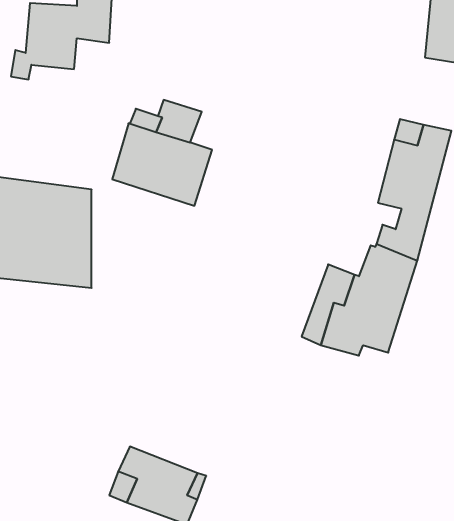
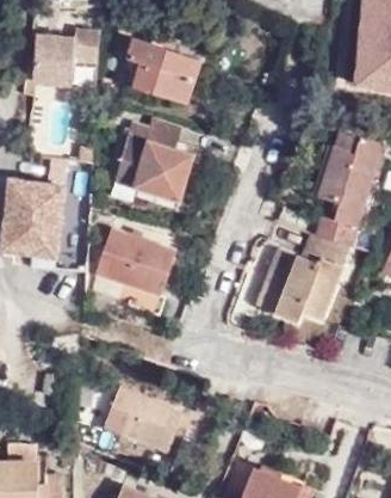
building: none -> [118,39,200,103]
building: none -> [94,229,175,318]

